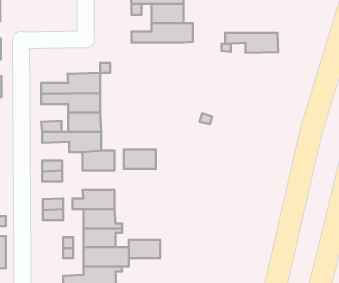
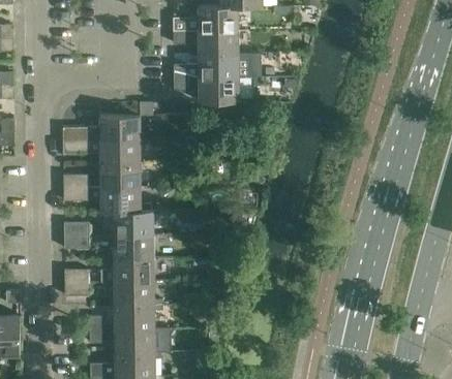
building: [225,33,278,53] -> [174,77,239,102]
building: [124,150,156,169] -> [114,234,153,258]
building: [129,240,160,258] -> none

